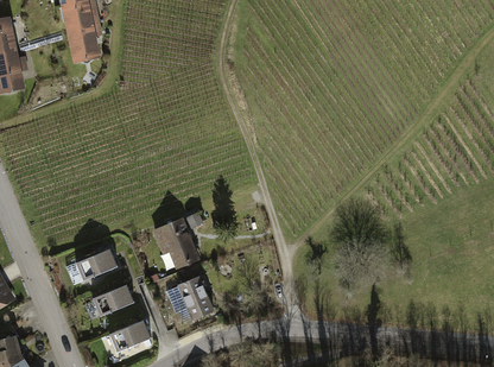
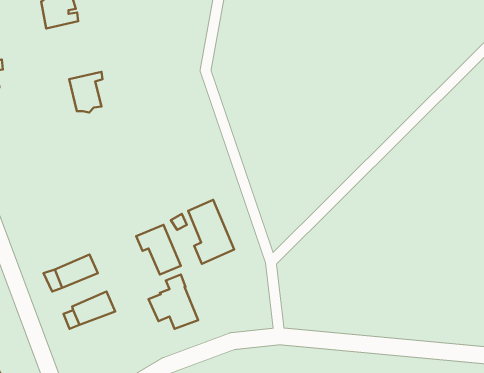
building: [68,24,100,63] -> [69,72,103,113]
building: none -> [188,200,234,264]
building: [109,321,151,353] -> none

